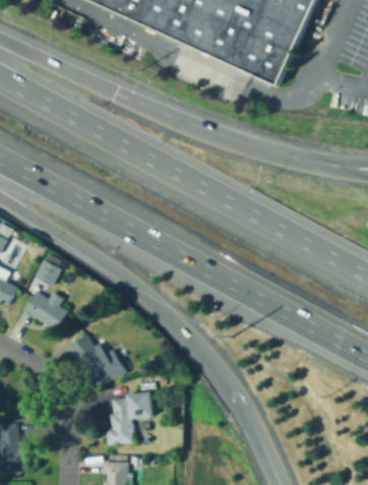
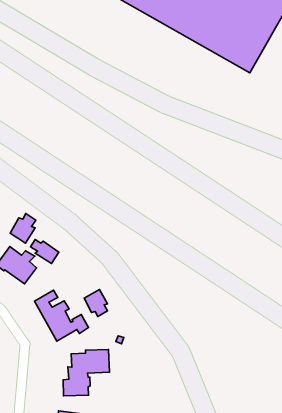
building: none -> [31,239,59,264]
building: none -> [84,290,108,316]

